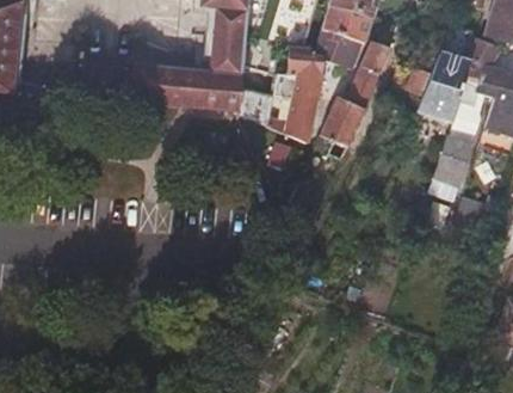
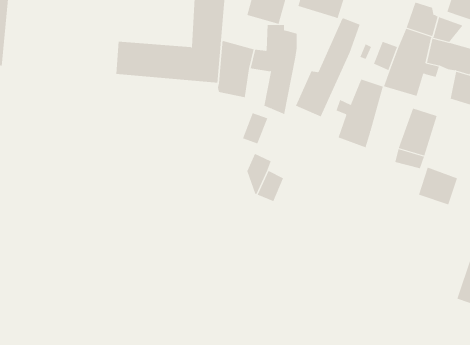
building: [316,29,364,68] -> none
building: none -> [336,78,383,148]

